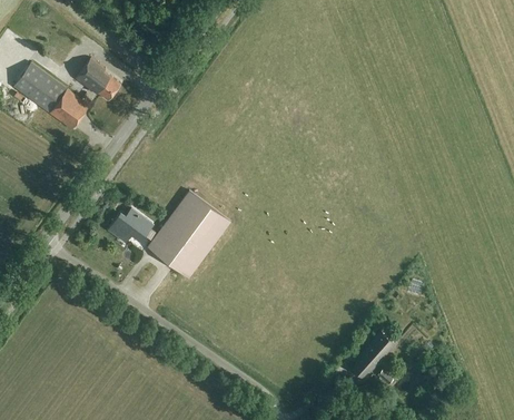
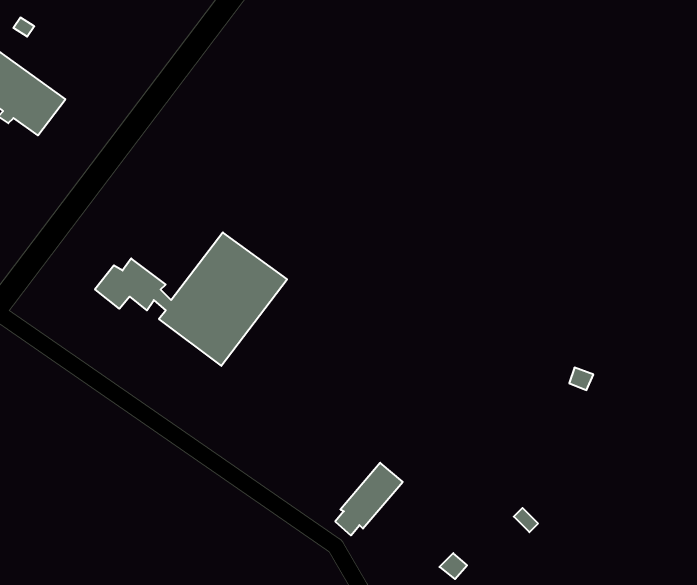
building: [75,57,120,99] -> none
building: [352,330,395,377] -> [335,463,403,535]

